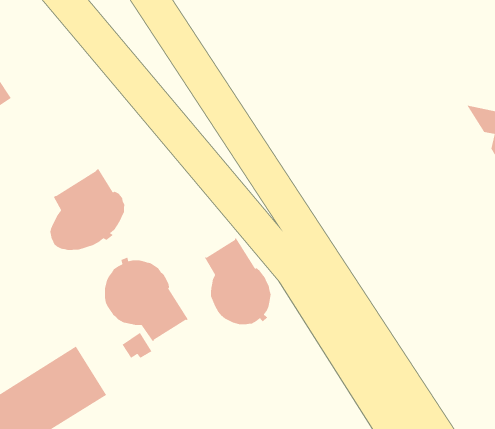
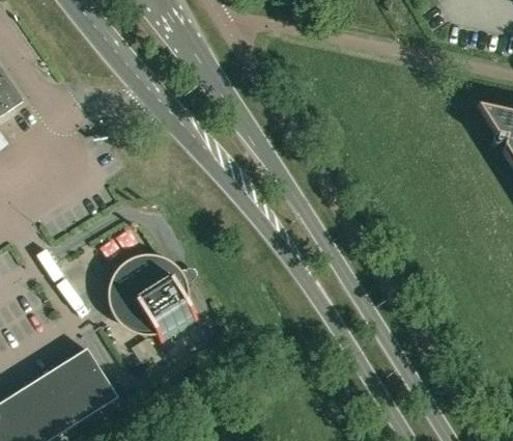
building: [49,168,125,251] -> none
building: [204,237,271,325] -> none

